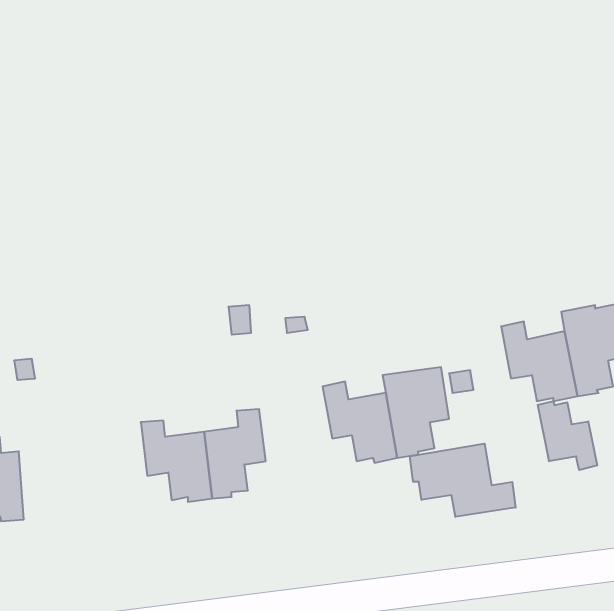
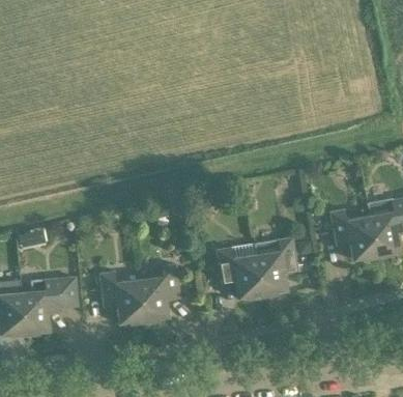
building: [538,401,597,470] -> none
building: none -> [22,278,79,336]
building: [410,444,516,517] -> none

